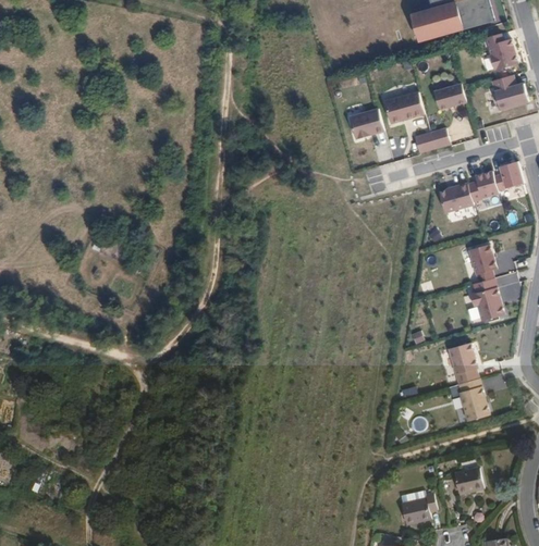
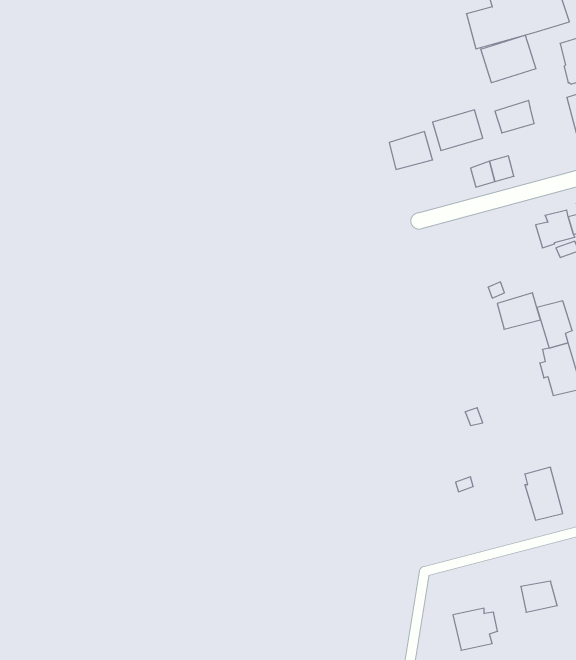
building: none -> [481,35,536,83]
building: [438,183,473,212] -> [497,293,541,329]
building: [446,342,477,383] -> none

